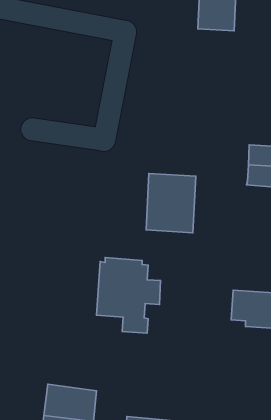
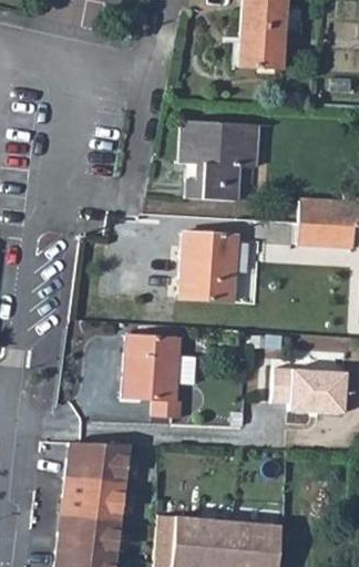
building: none -> [181,121,258,202]
building: none -> [66,443,129,485]

